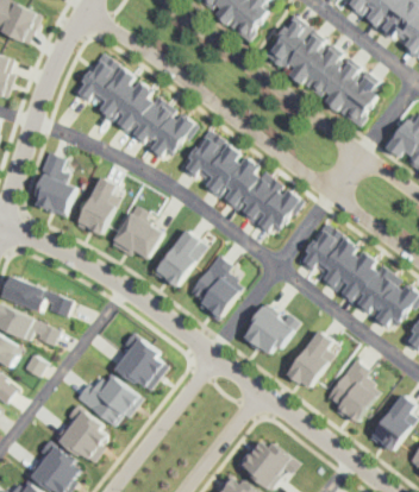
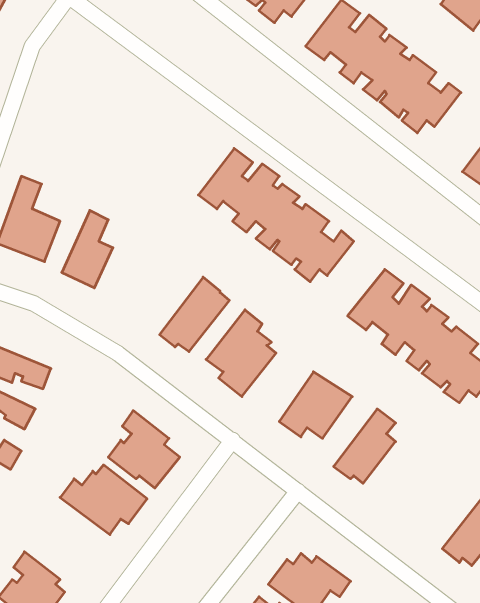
building: [71,53,190,156] -> none
building: [113,213,162,260] -> none
building: [326,360,377,418] -> none
building: [56,405,107,462] -> none

